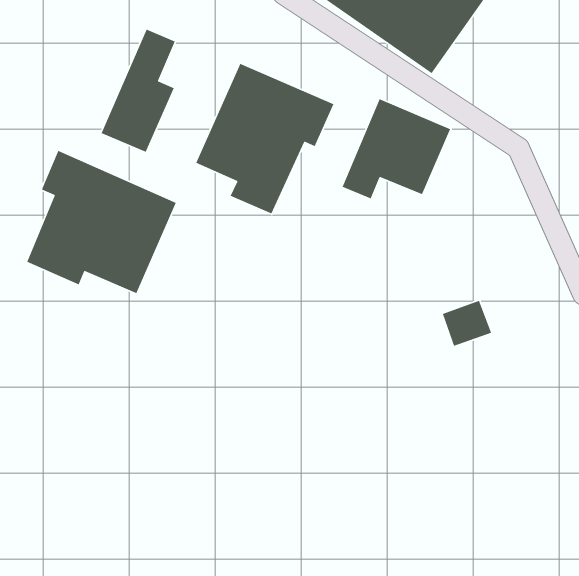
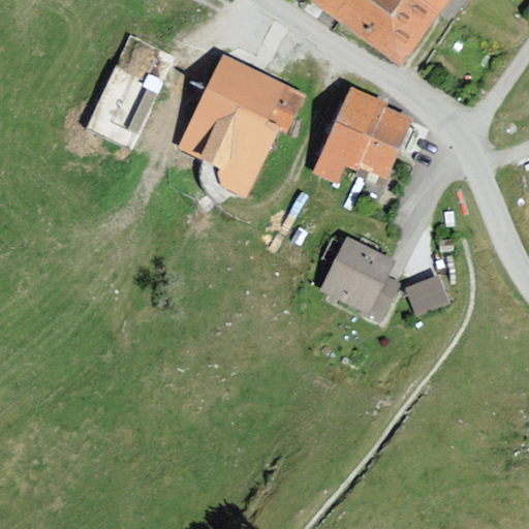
building: [26,150,177,294] -> none
building: none -> [319,237,397,314]

